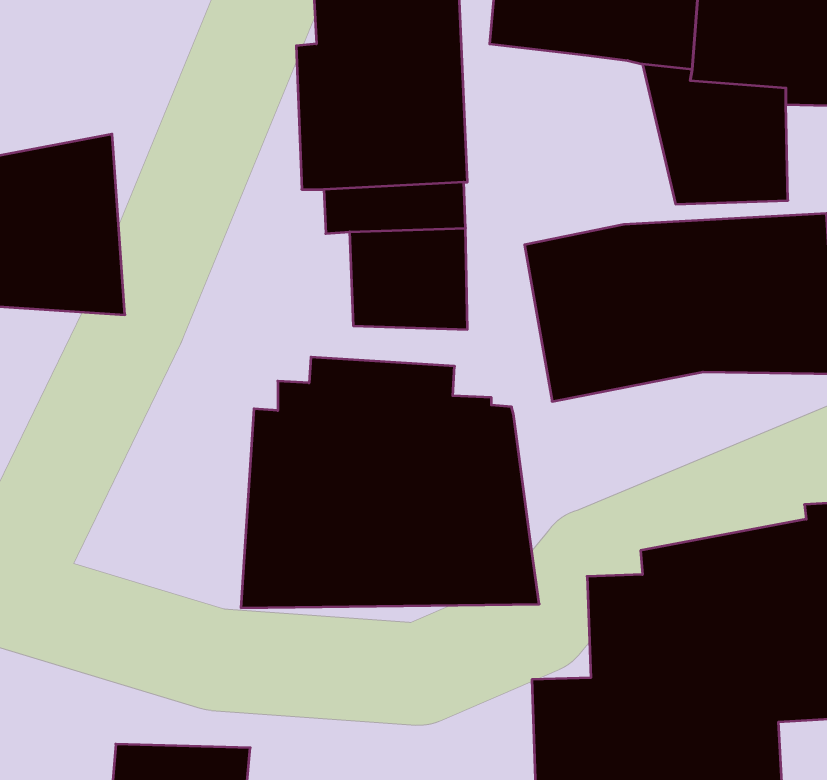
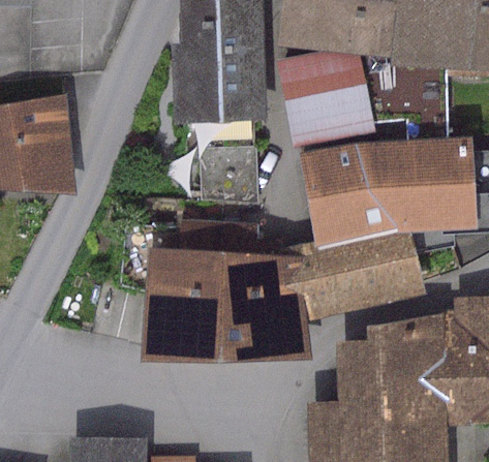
building: none -> [280,50,377,147]
building: none -> [294,232,424,321]

